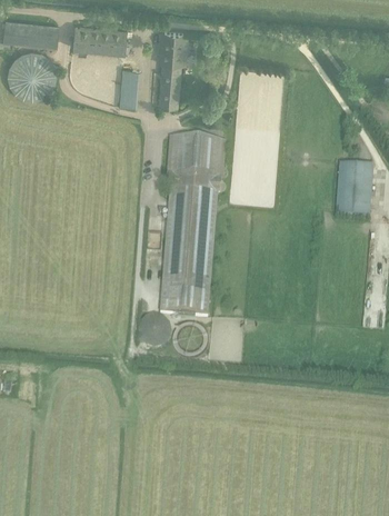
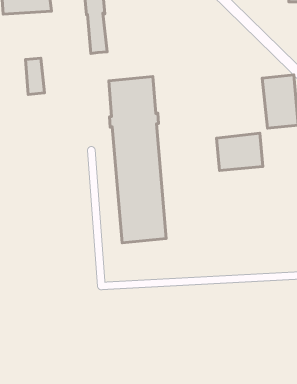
building: [118,69,138,108] -> [25,58,44,95]
building: none -> [216,133,263,170]

